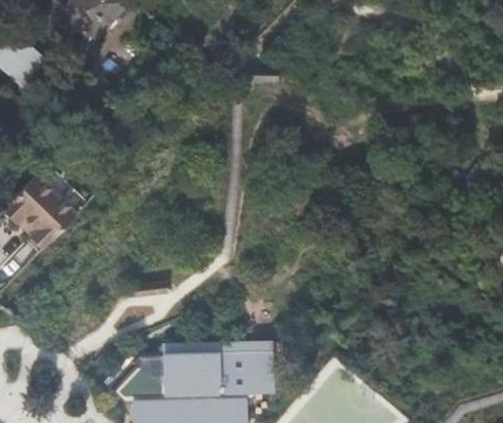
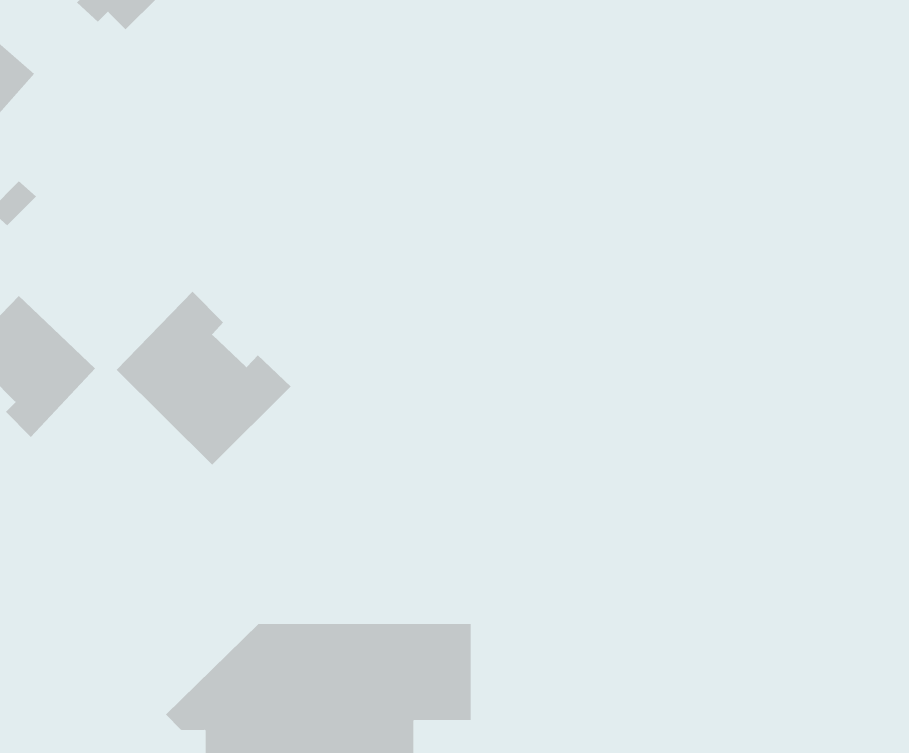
building: none -> [116,291,291,466]

